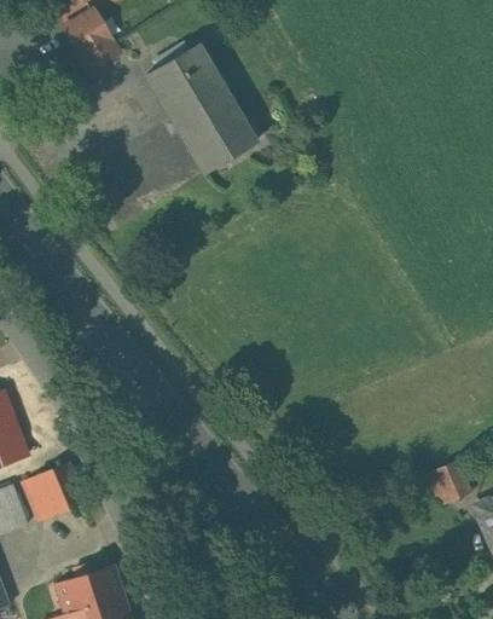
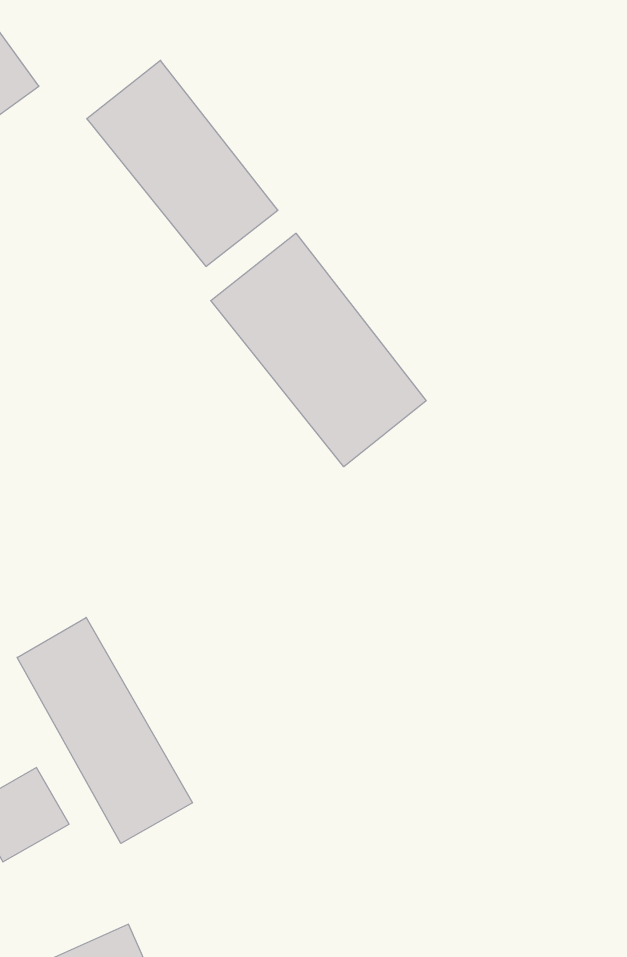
building: none -> [211,233,426,467]
building: none -> [17,617,192,843]

